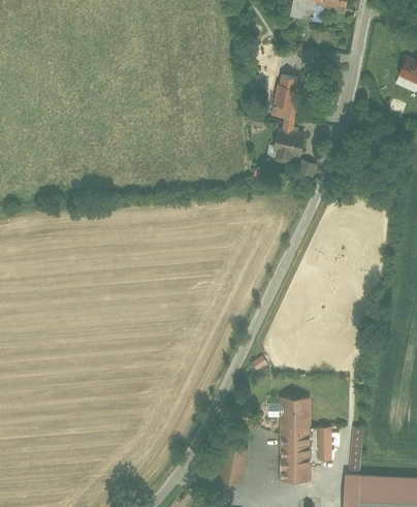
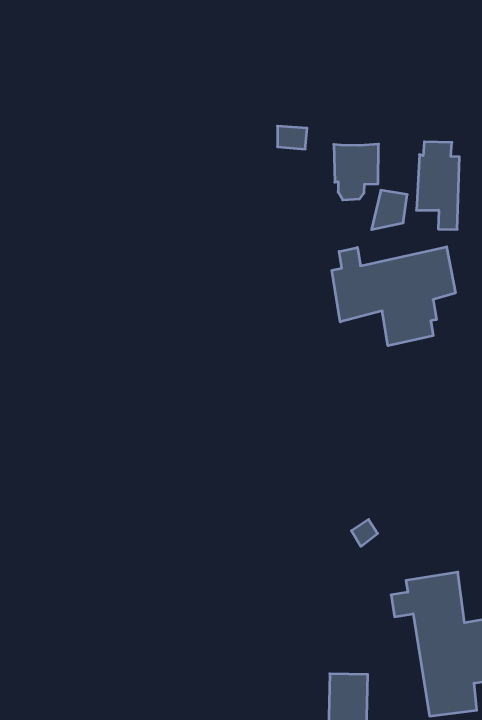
building: [270,76,301,132] -> [416,142,459,229]
building: none -> [332,247,455,346]

